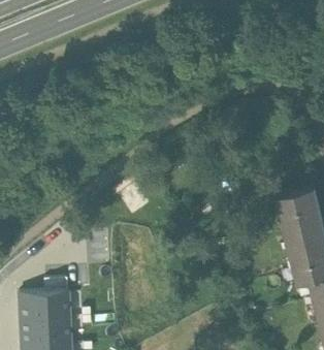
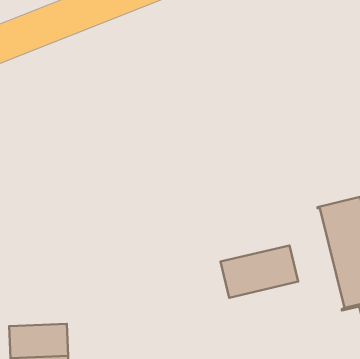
building: none -> [220,245,298,298]

